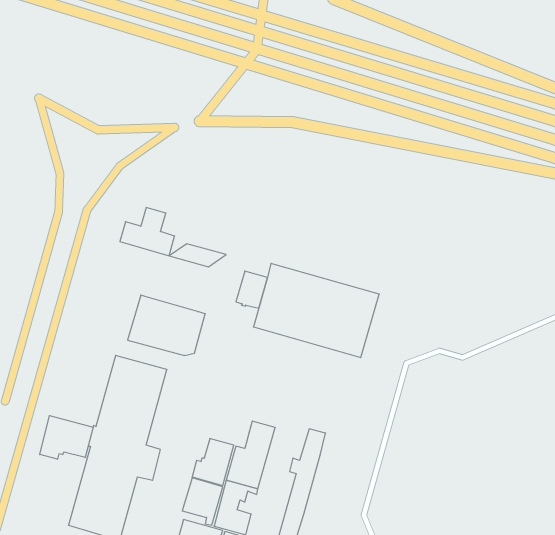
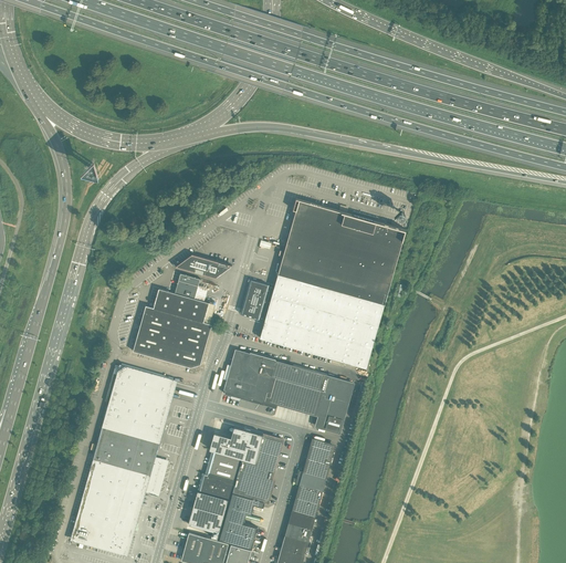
building: none -> [276,200,407,305]
building: [120,208,175,256] -> [153,274,208,323]
building: none -> [223,352,350,431]
building: none -> [209,427,258,461]
building: [40,416,93,459] -> none

